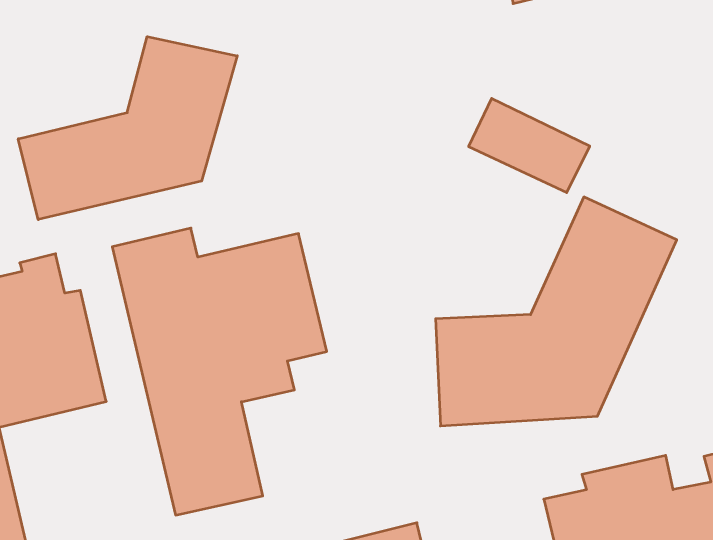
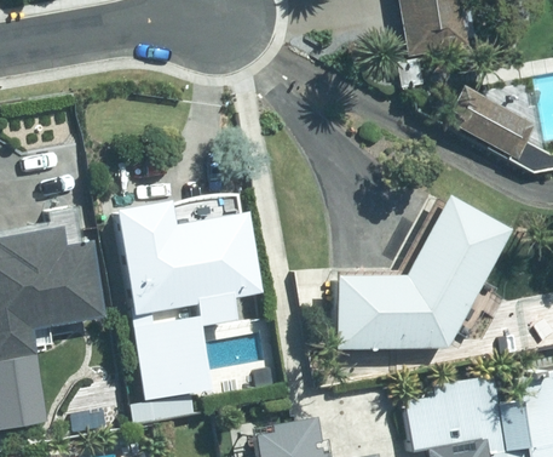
building: [18,37,237,220] -> none
building: [469,98,590,193] -> [453,90,537,159]

